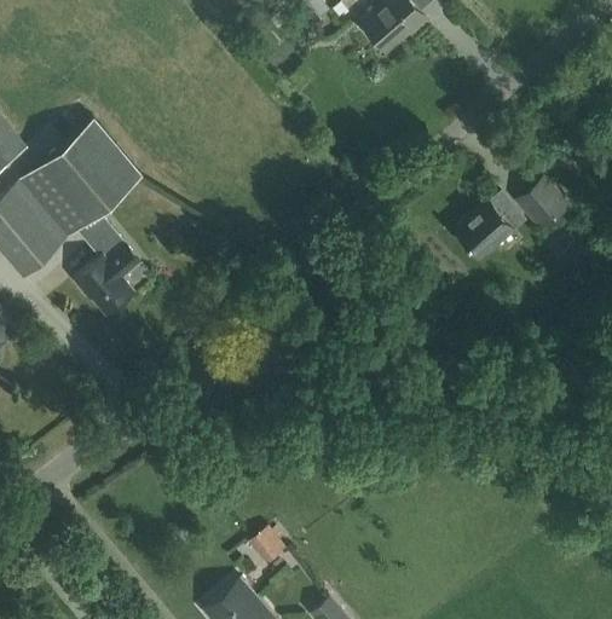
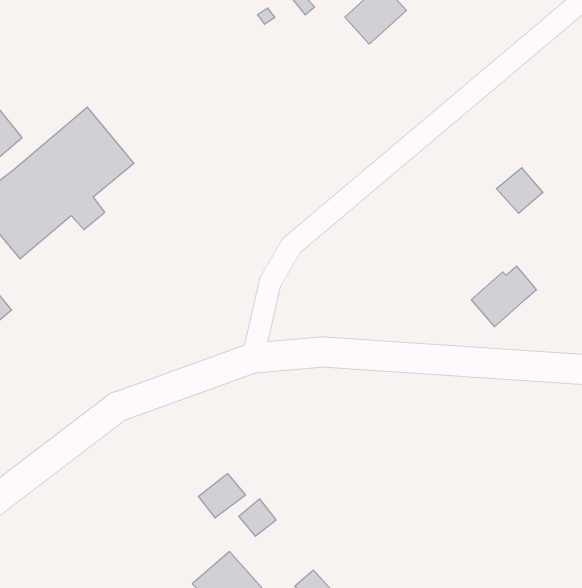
building: [455,196,522,259] -> [471,266,536,327]
building: [73,227,142,316] -> none
building: none -> [198,474,245,518]

